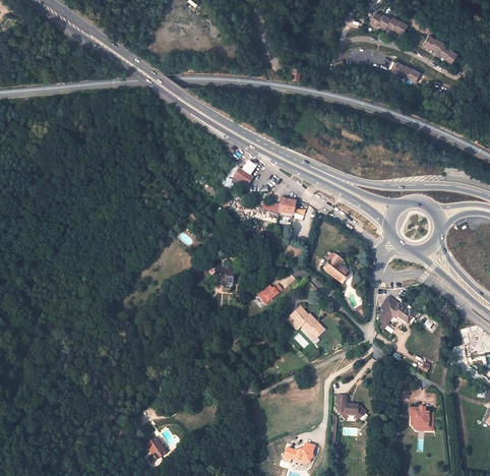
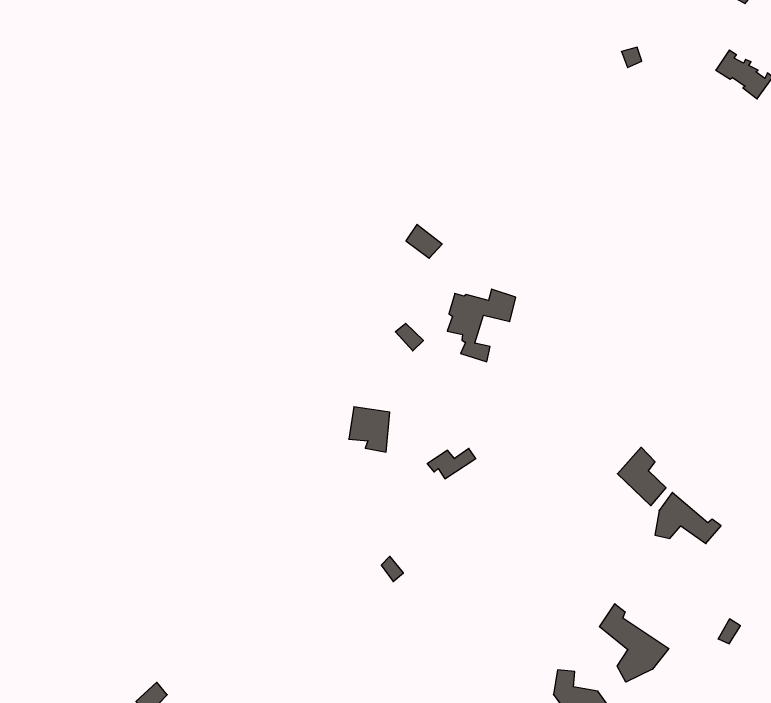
building: [323,252,350,283] -> [617,447,666,506]
building: [291,305,325,339] -> none
building: none -> [599,604,669,682]

